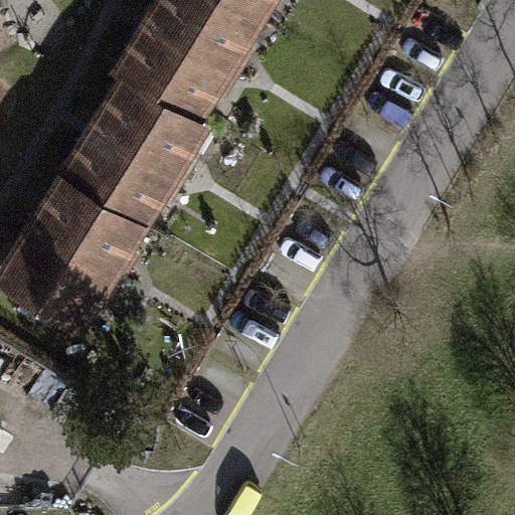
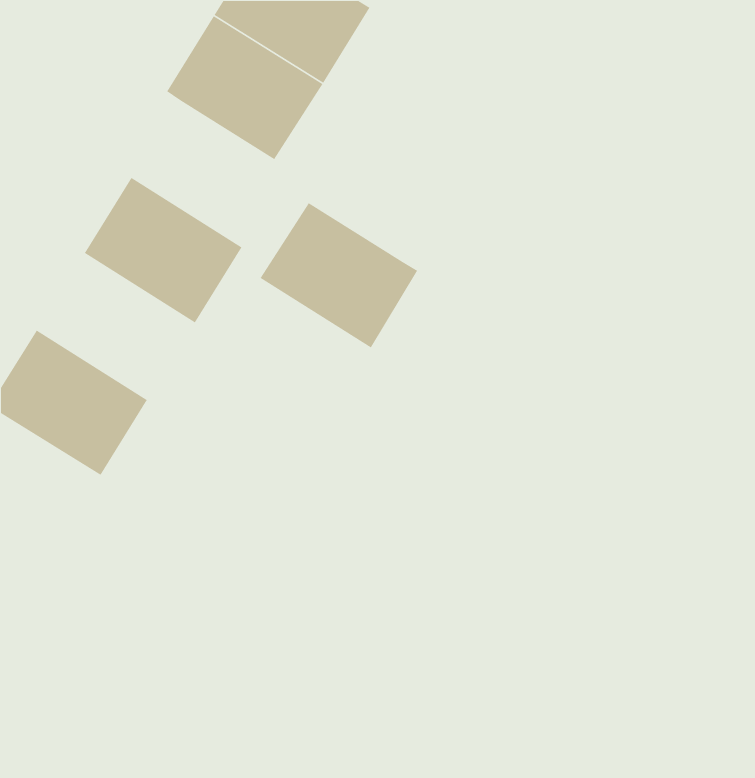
building: [103,67,207,164] -> [260,202,418,348]
building: [40,168,145,265] -> none

